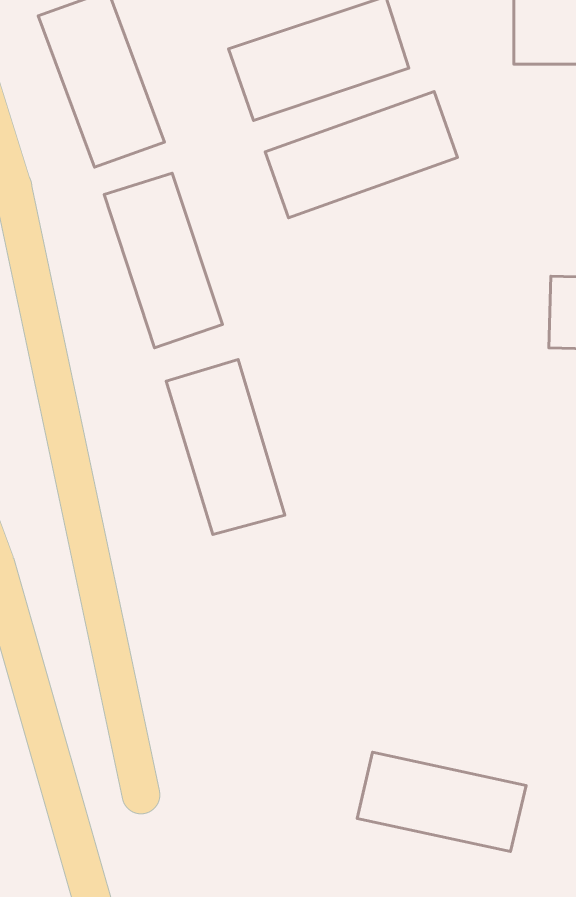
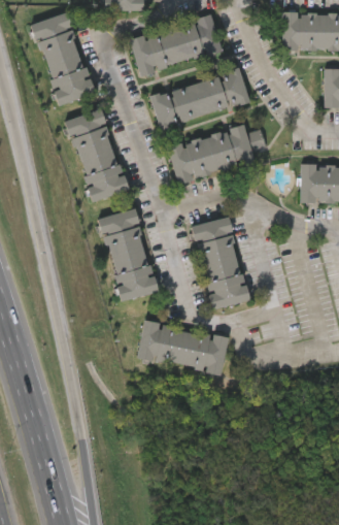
building: none -> [168,124,266,183]
building: none -> [192,216,251,309]
building: [357,752,526,851] -> [137,321,227,373]

